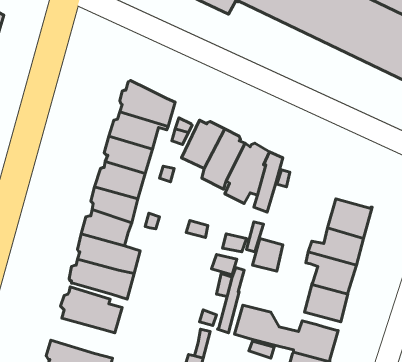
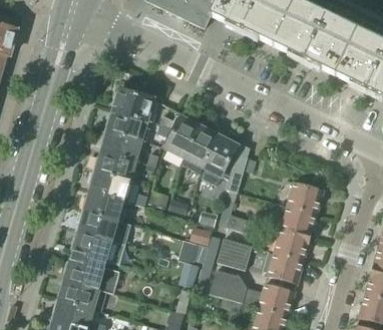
building: none -> [218,239,253,270]
building: none -> [57,281,99,310]

